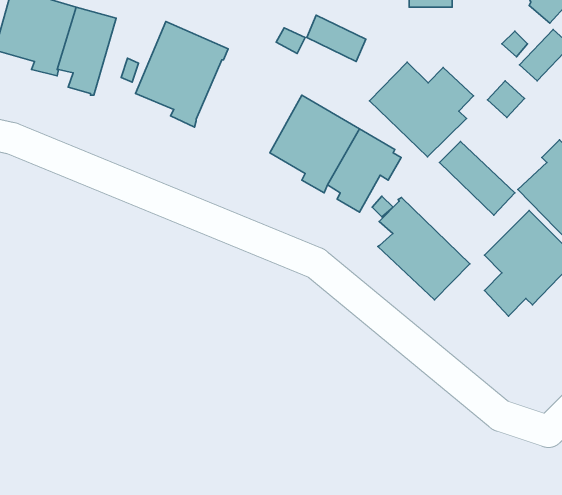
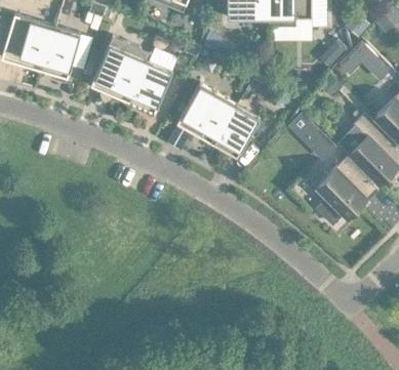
building: none -> [132,61,173,115]
building: [370,62,474,157] -> none
building: [378,198,470,300] -> none

